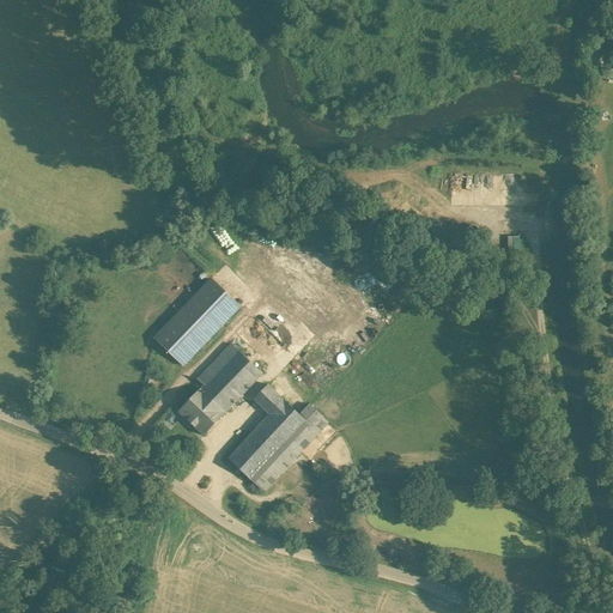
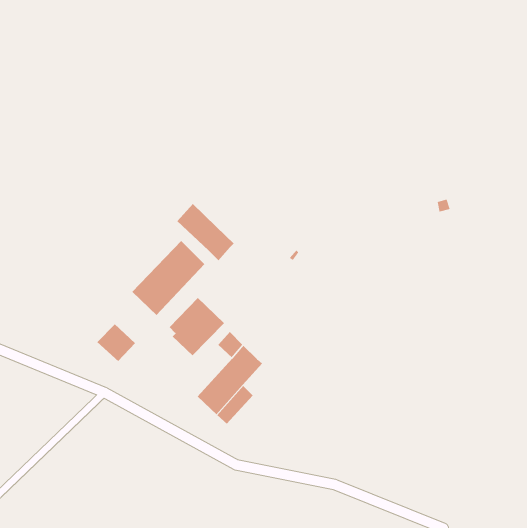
building: none -> [176,203,235,261]
building: [177,389,223,433] -> [96,324,136,362]
building: [281,403,327,457] -> none

